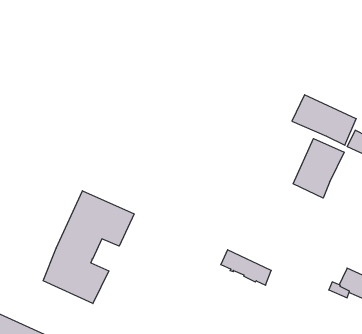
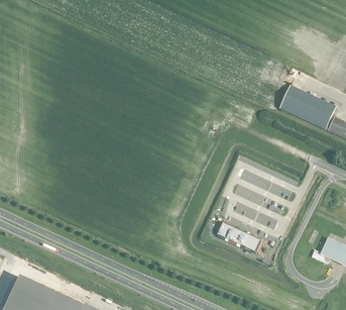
building: [293,139,344,198] -> none
building: [43,191,134,304] -> none

